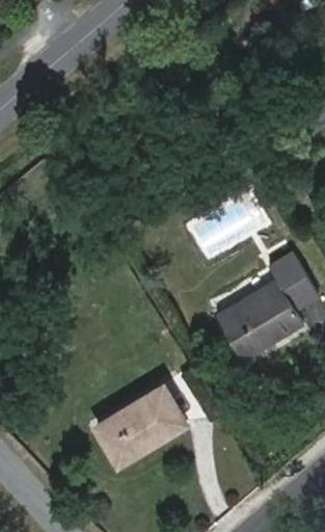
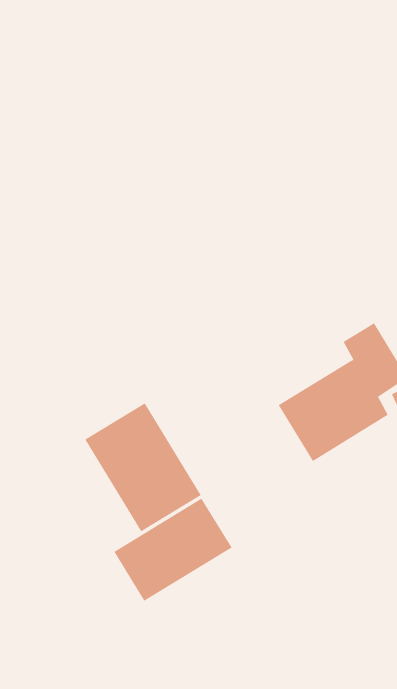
building: none -> [84,403,202,532]

